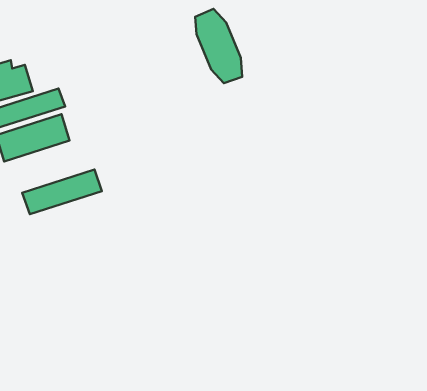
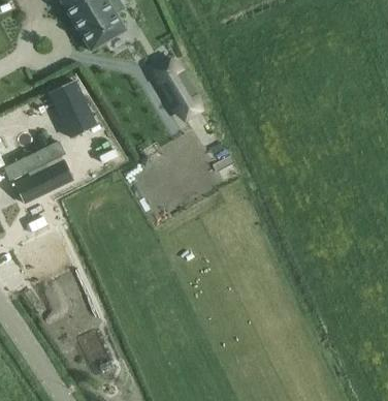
building: none -> [50,80,97,136]
building: [22,170,102,214] -> none

